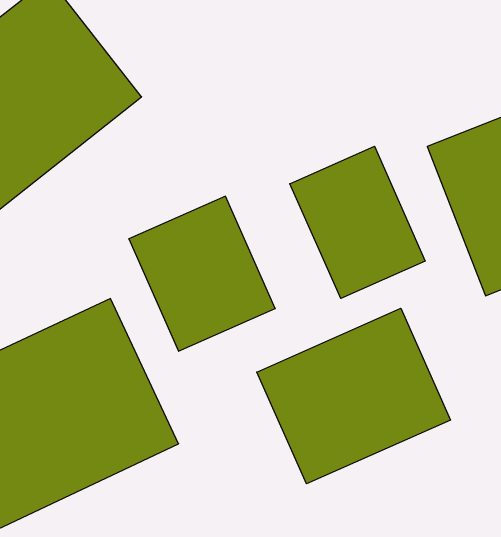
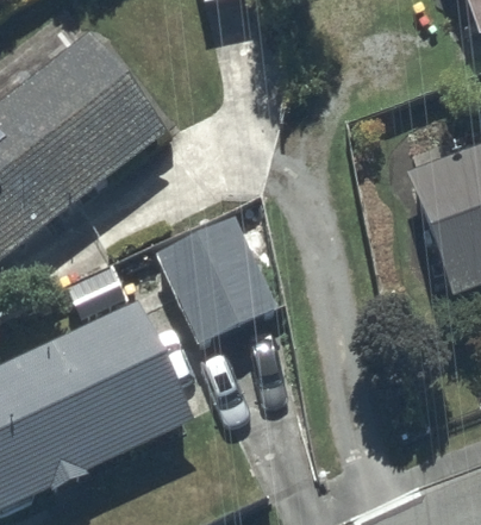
building: [290,146,425,298] -> none
building: [257,308,450,484] -> none

